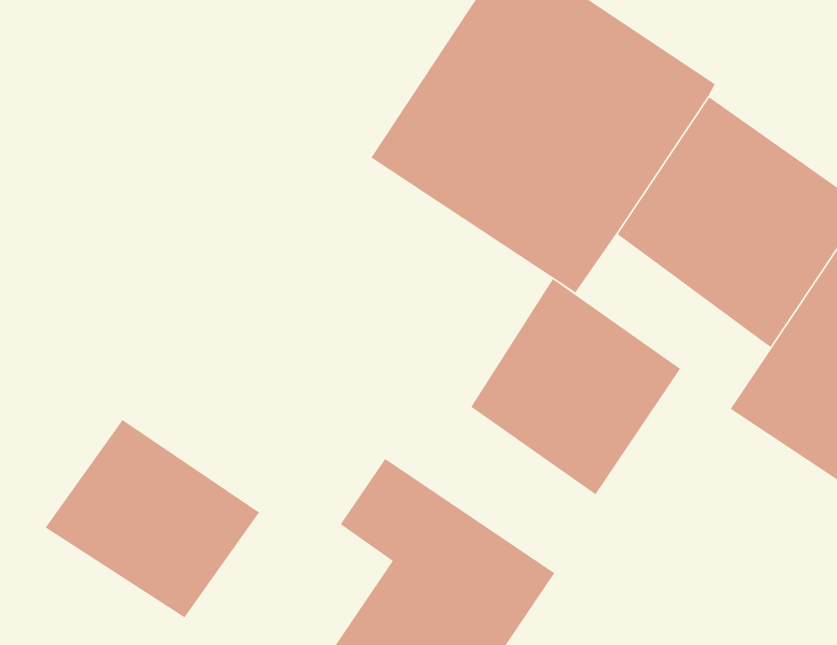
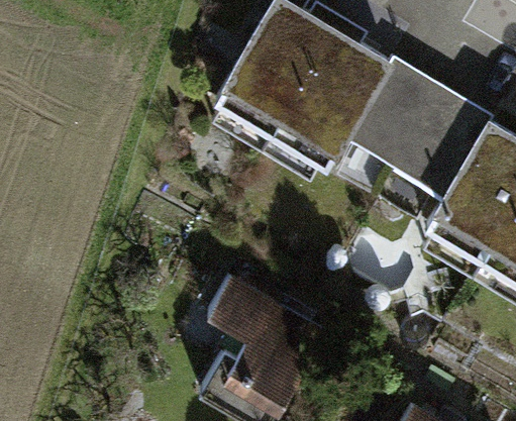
building: [470,278,681,495] -> none
building: [45,419,260,618] -> none

